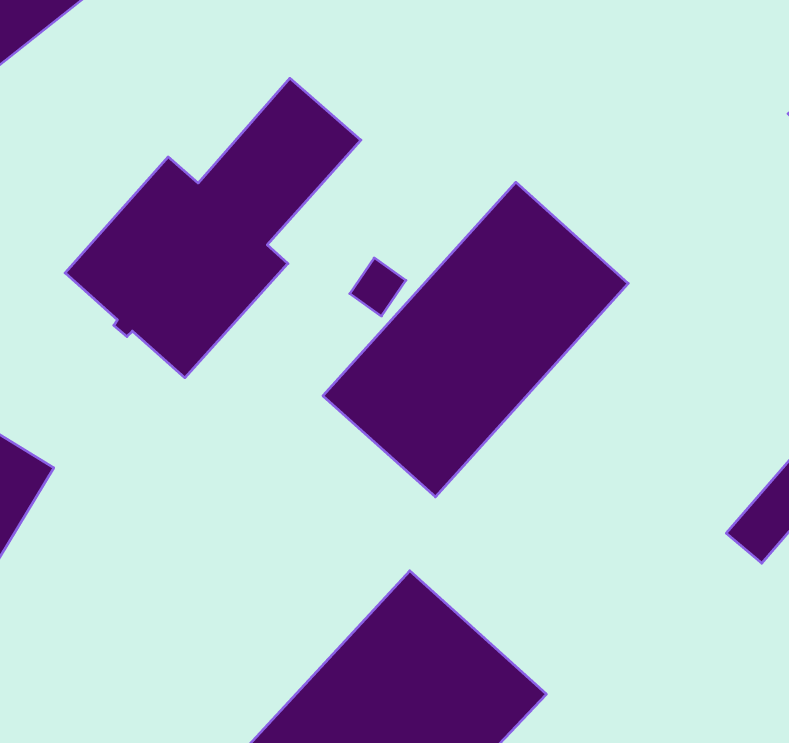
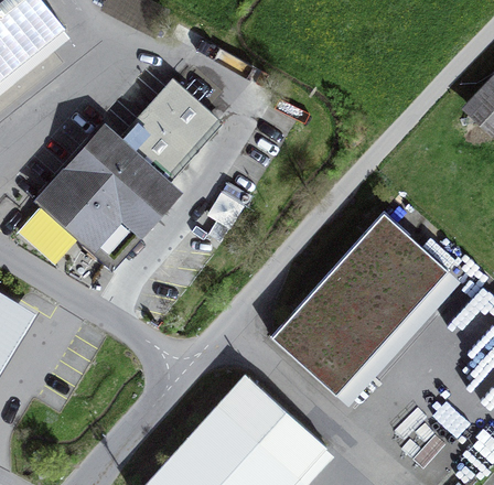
building: [323,182,628,497] -> [270,212,450,397]

